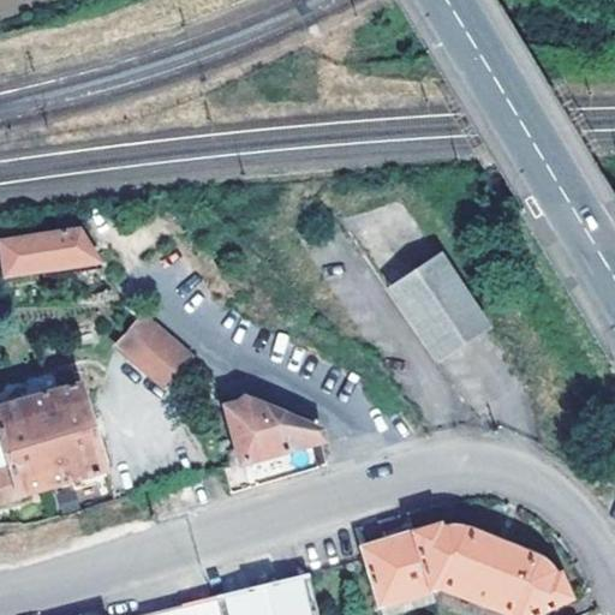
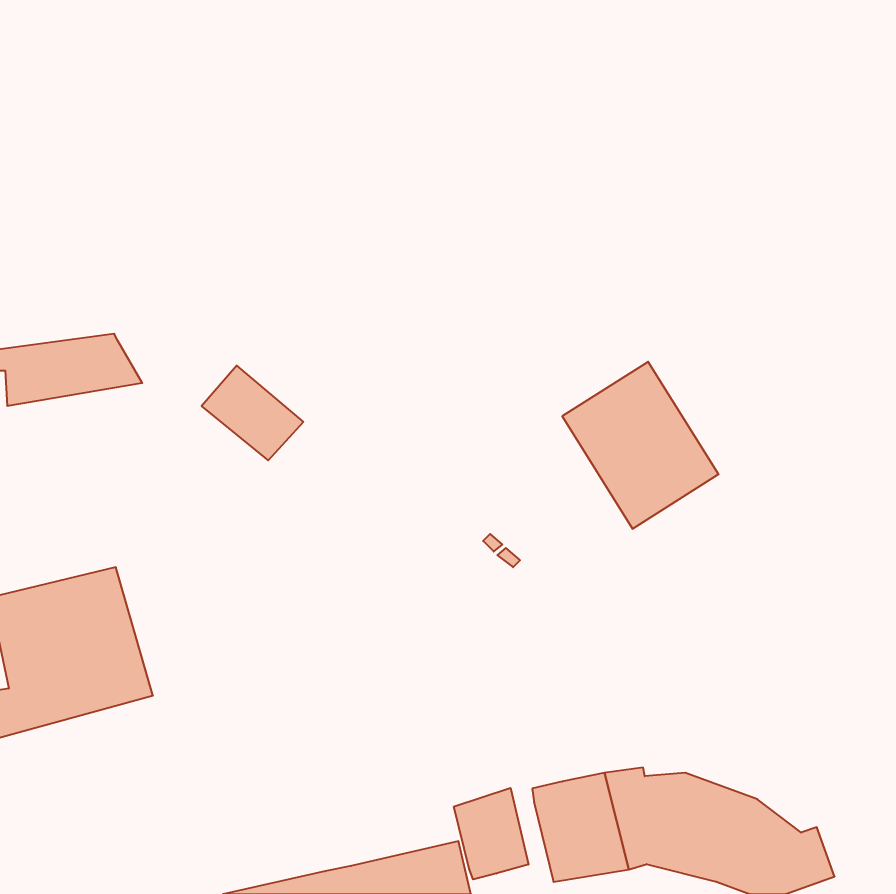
building: [119,317,189,382] -> [202,366,303,460]
building: [221,394,318,462] -> none
building: none -> [454,788,528,879]

